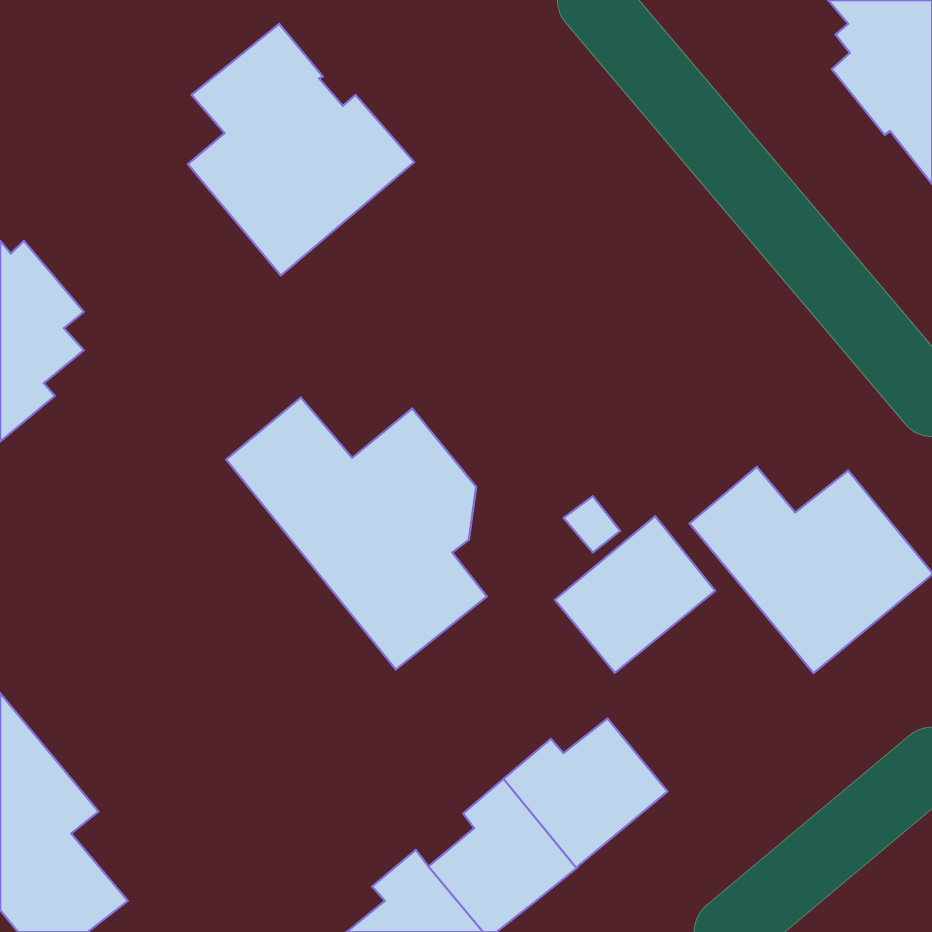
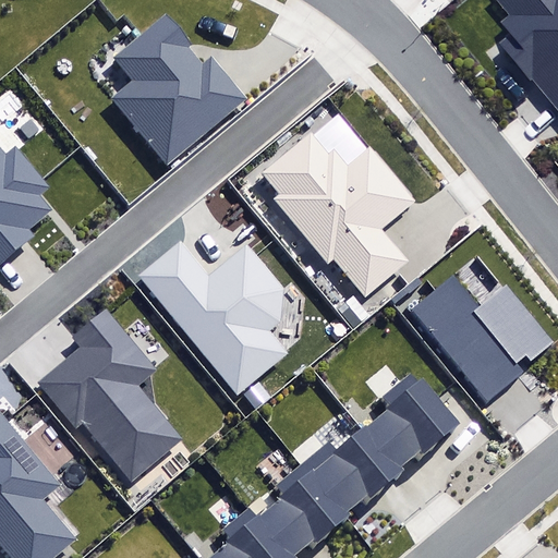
building: none -> [262,113,413,296]
building: [555,516,715,673] -> [363,379,459,473]
building: none -> [39,308,183,482]

